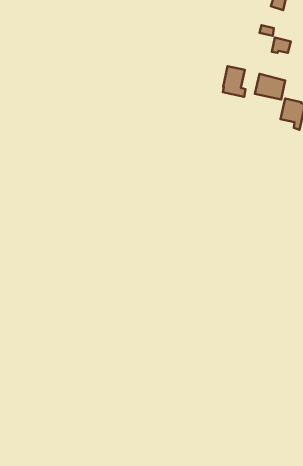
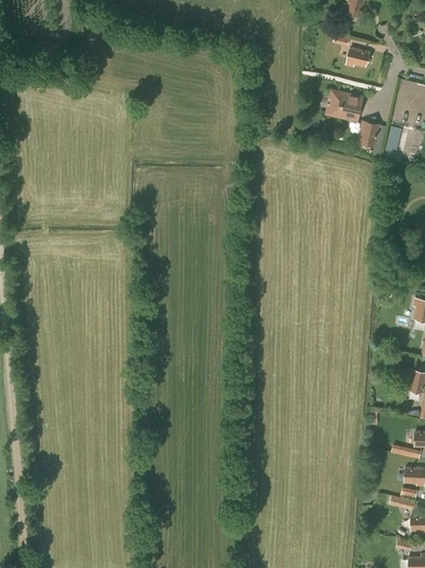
building: [223,66,245,97] -> none

